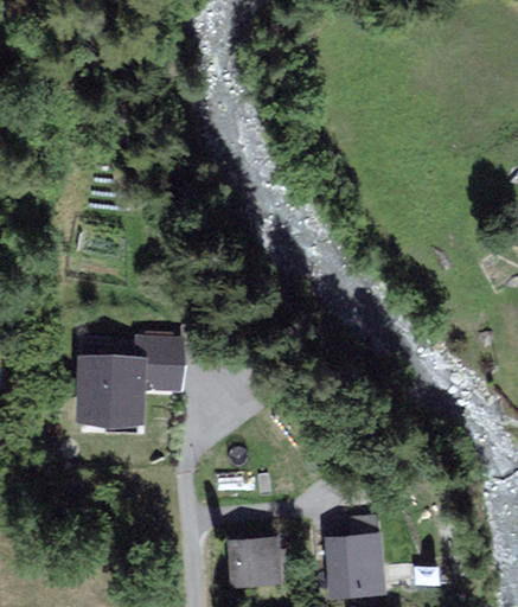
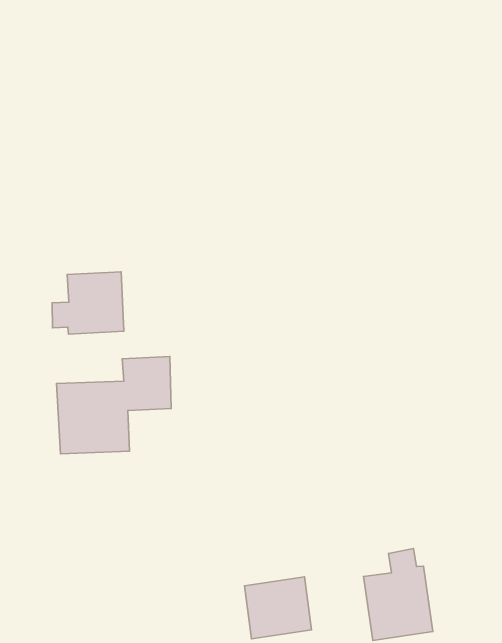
building: none -> [52,272,124,334]

